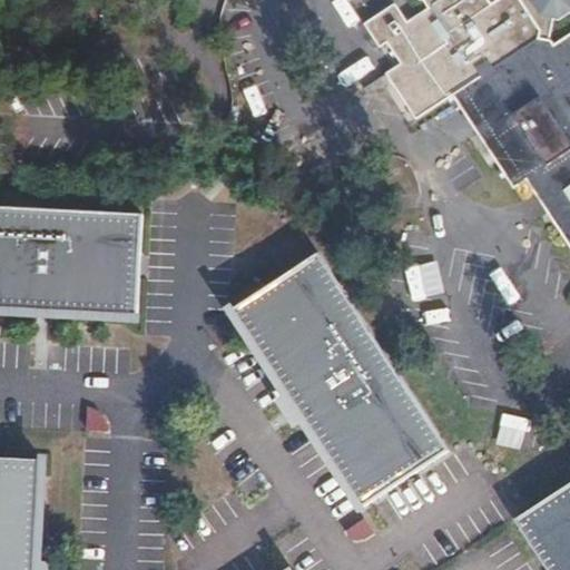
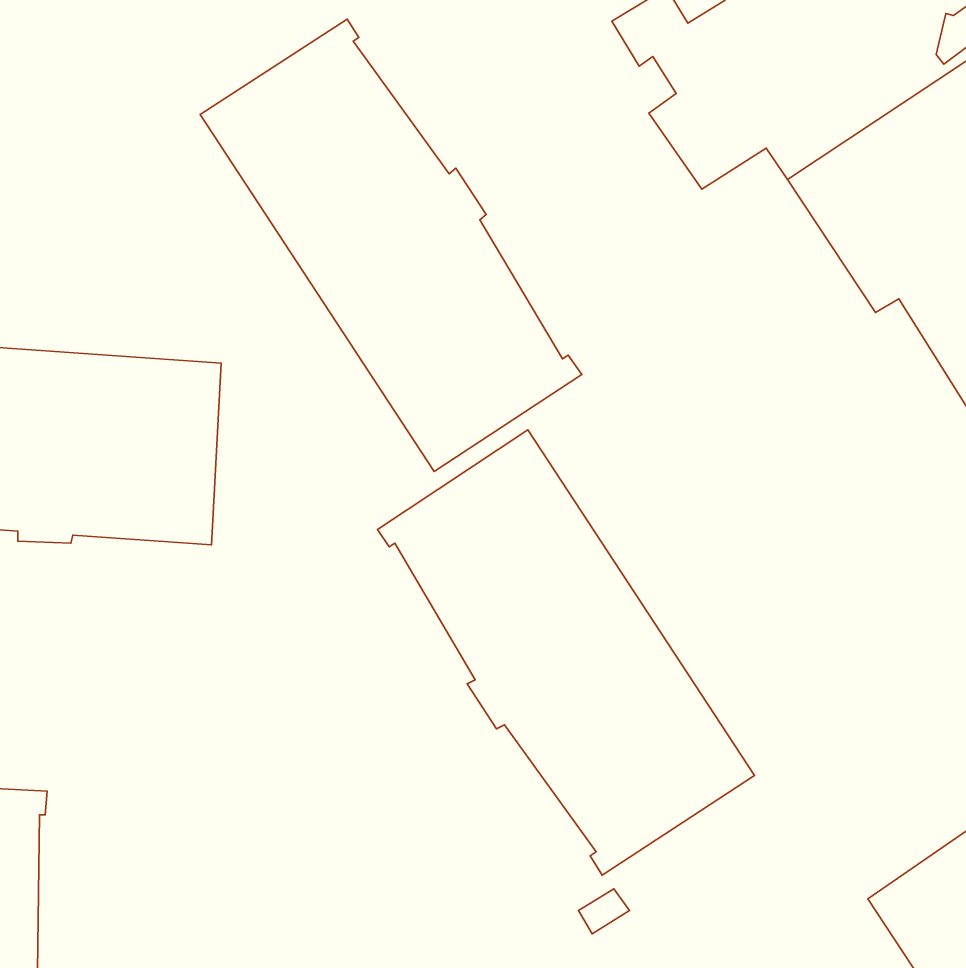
building: none -> [200,19,582,471]

